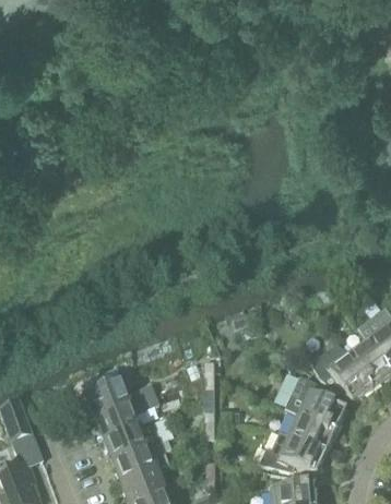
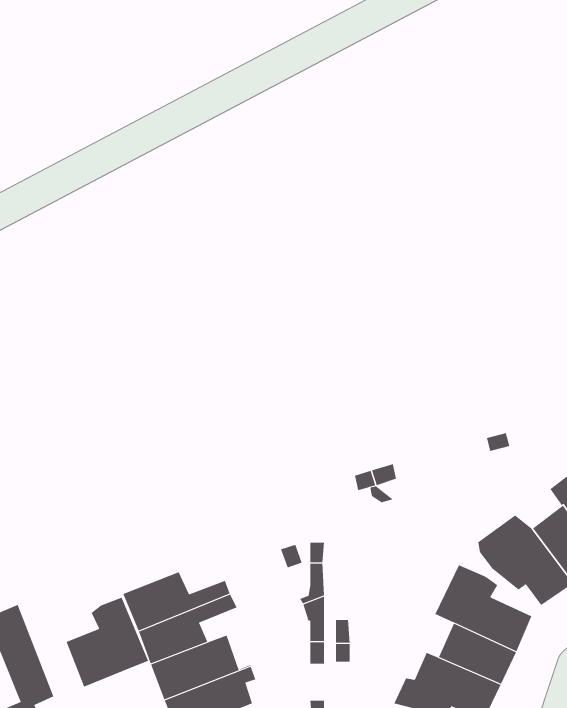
building: none -> [66,597,149,688]

